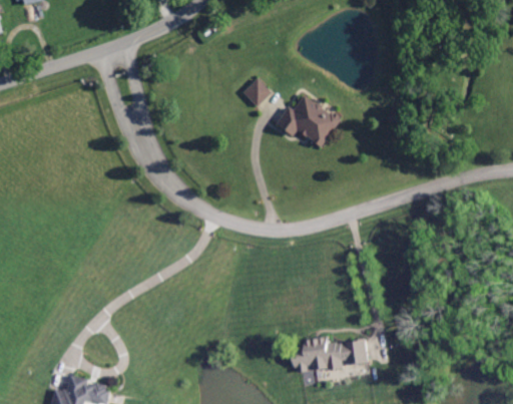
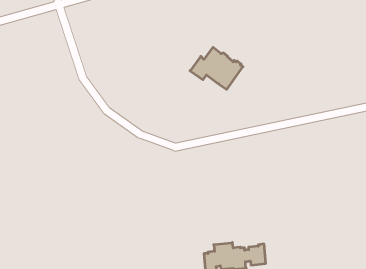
building: [241,78,270,106] -> none

